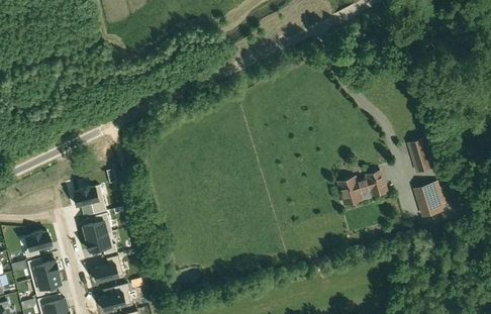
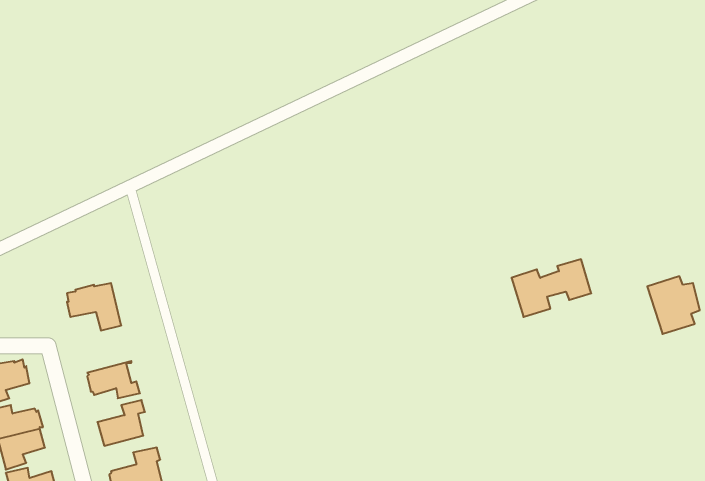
building: [408,138,432,172] -> none
building: [81,212,111,238] -> none

